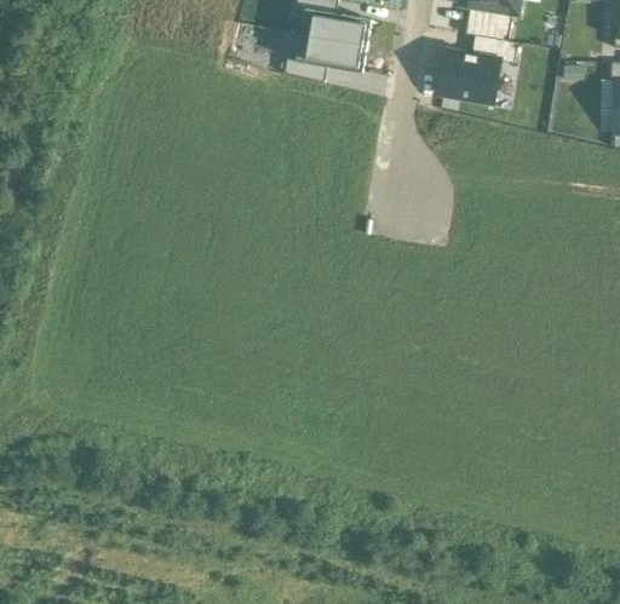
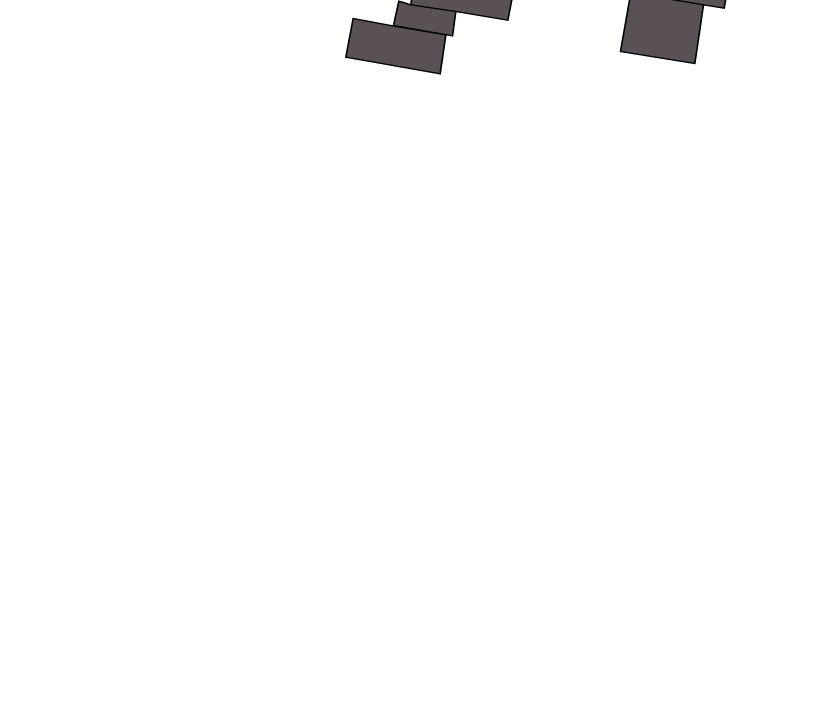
building: none -> [346,19,446,74]

